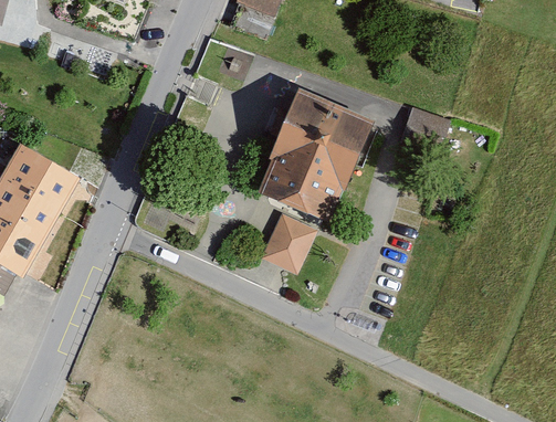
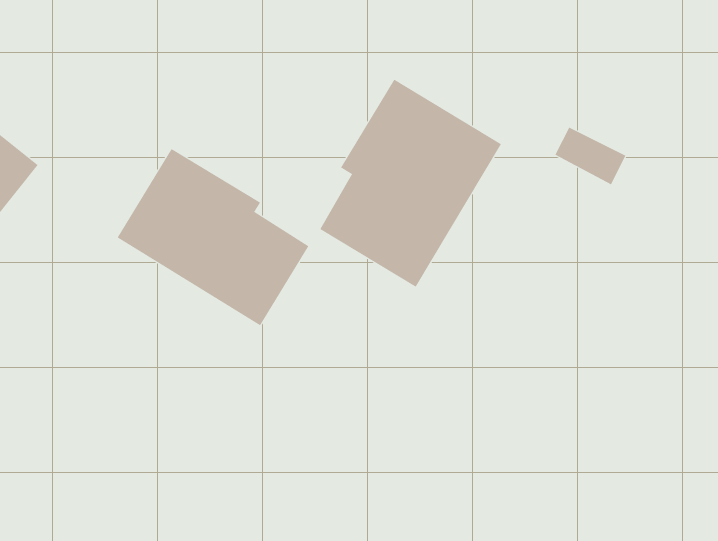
building: none -> [117,148,309,326]
building: [261,213,317,274] -> none

